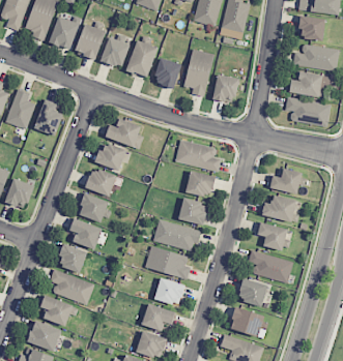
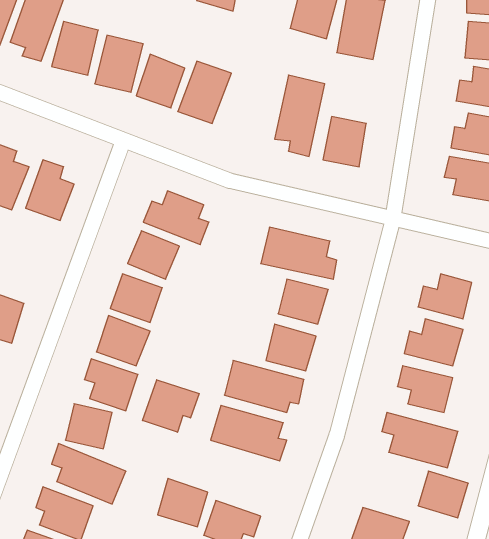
building: [153,58,181,89] -> none
building: none -> [143,380,199,432]
building: [154,277,184,306] -> [158,478,208,527]
building: [237,278,267,306] -> [418,471,468,518]

